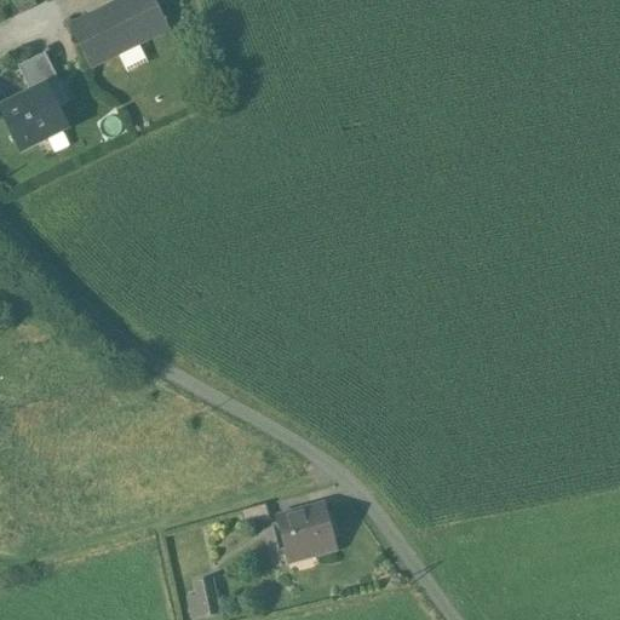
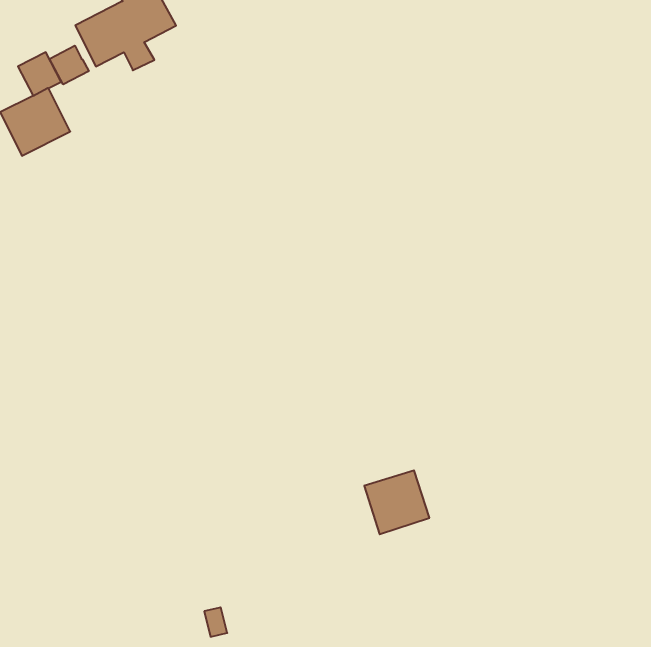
building: none -> [49,46,89,84]
building: [275,503,337,563] -> [364,470,429,534]

